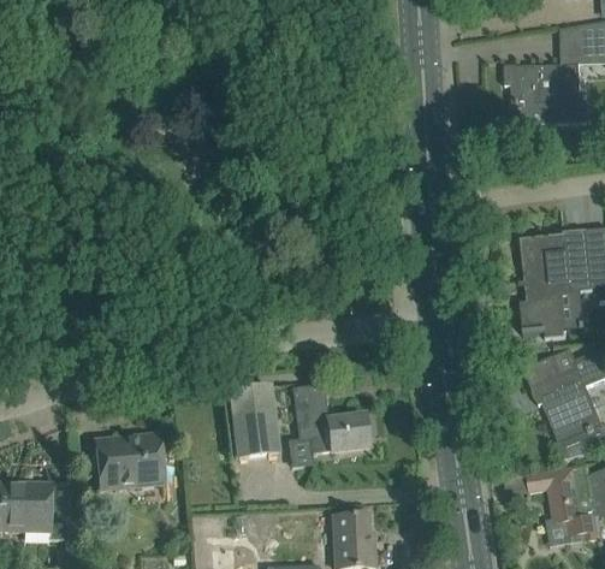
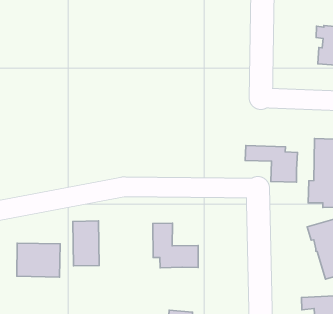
building: none -> [245,145,298,182]
building: [231,386,278,457] -> [73,221,99,266]

